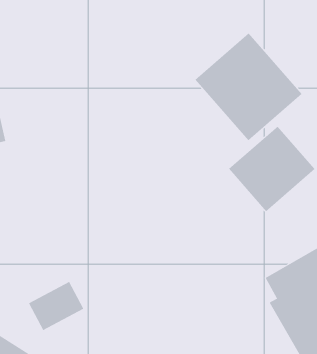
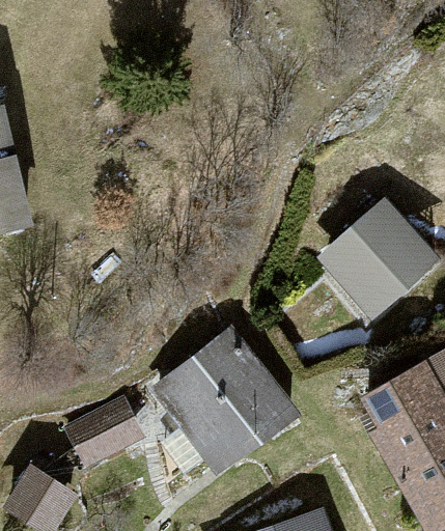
building: [195,32,302,141] -> none
building: none -> [159,334,291,469]

